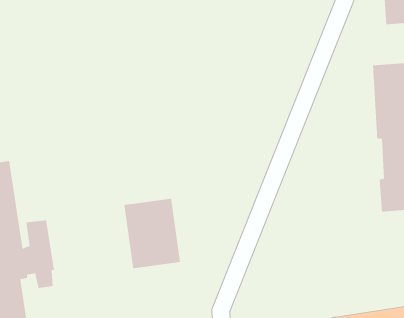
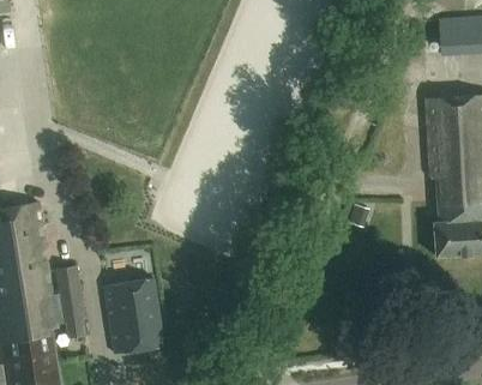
building: [124,198,181,269] -> [103,278,164,354]

